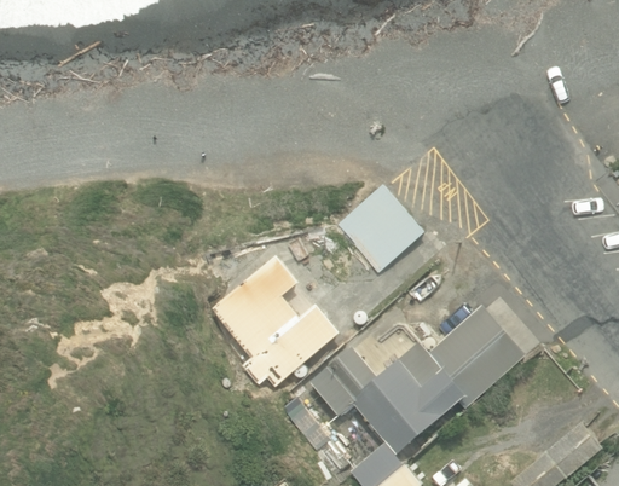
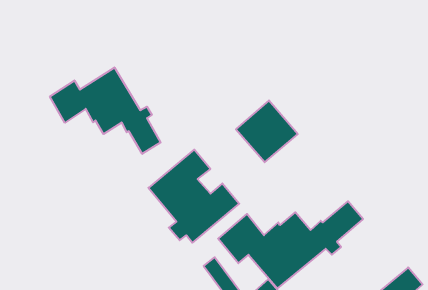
building: none -> [50,67,161,154]

